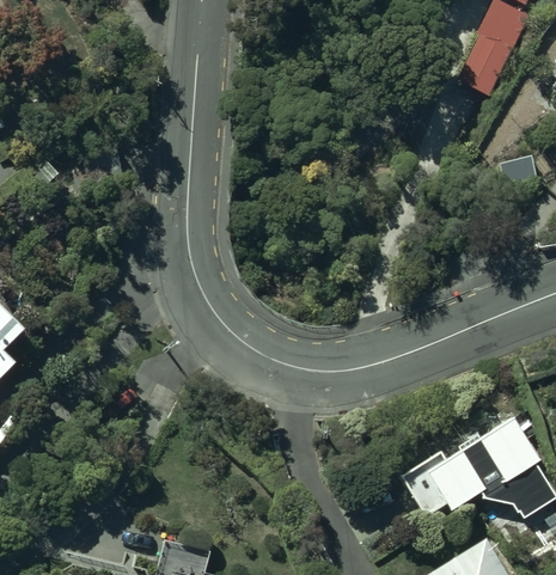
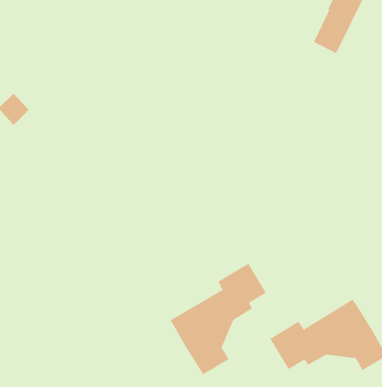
building: none -> [170,263,267,375]

